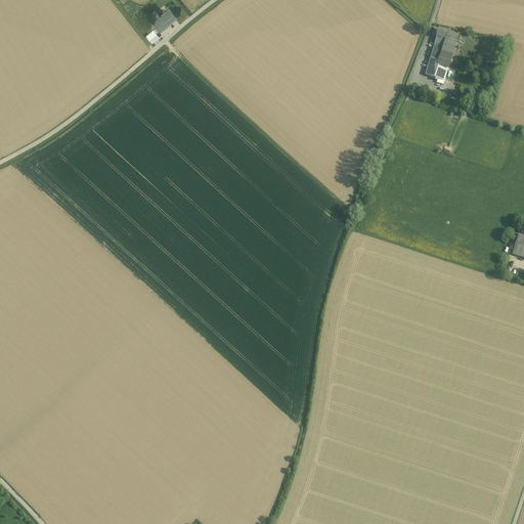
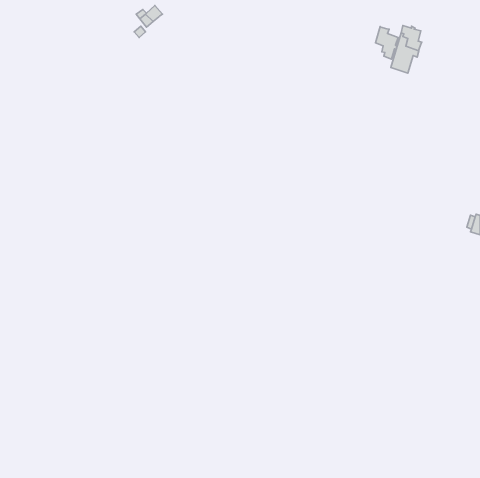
building: none -> [376,26,398,59]

